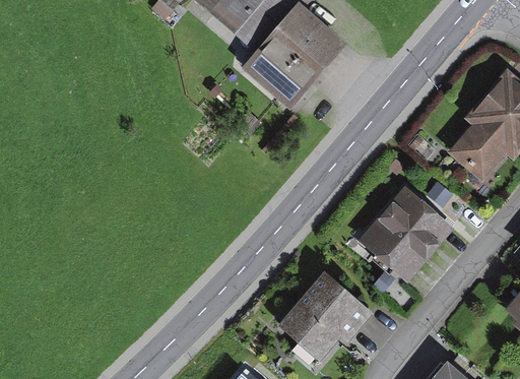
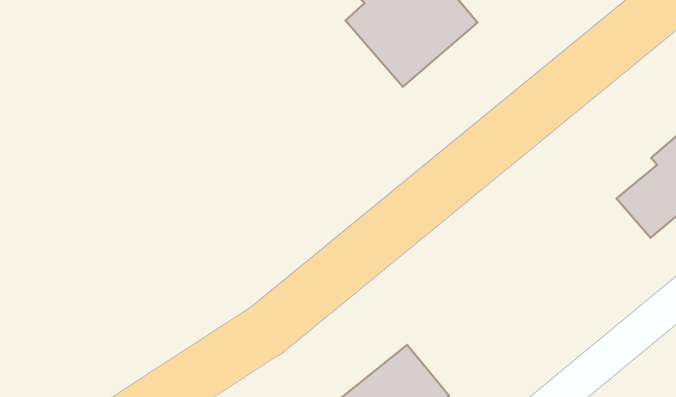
building: [368,195,445,274] -> none

